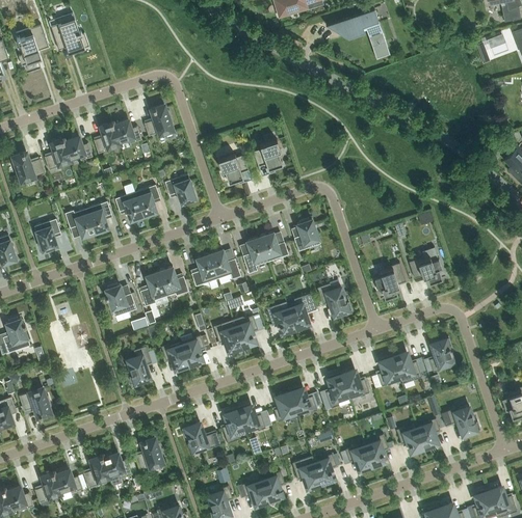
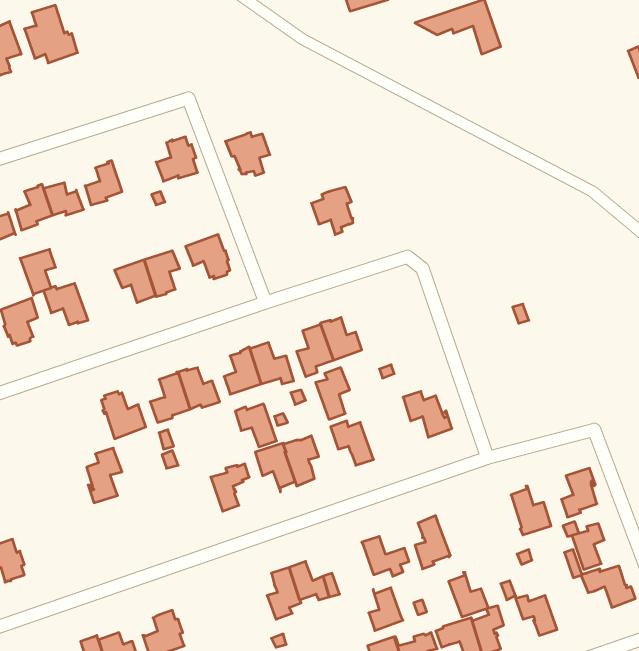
building: [113,120,141,143] -> none
building: [217,154,249,184] -> [225,132,270,175]
building: [86,201,111,234] -> [20,249,56,295]
building: [293,218,320,251] -> none
building: [409,247,445,283] -> none
building: [373,263,406,299] -> none
building: [287,295,311,331] -> [316,368,350,419]
building: [161,342,190,372] -> [235,404,277,447]
building: [127,346,152,384] -> [87,448,122,503]
building: [376,353,400,385] -> none
building: [341,367,369,399] -> [449,572,489,617]
building: [273,391,297,421] -> [369,588,403,631]
building: [417,418,440,451] -> [572,524,604,569]
building: [182,422,220,452] -> none

